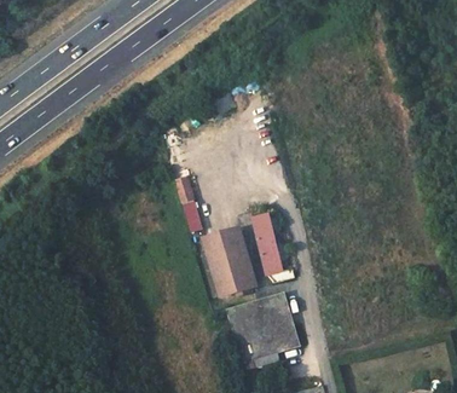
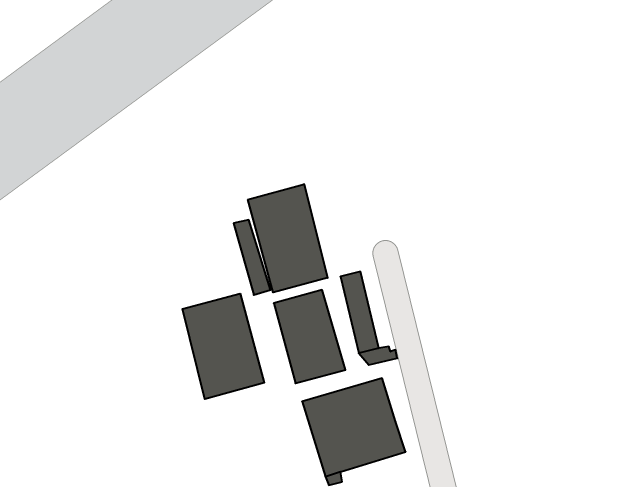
building: none -> [248,184,328,292]
building: none -> [182,294,264,399]

